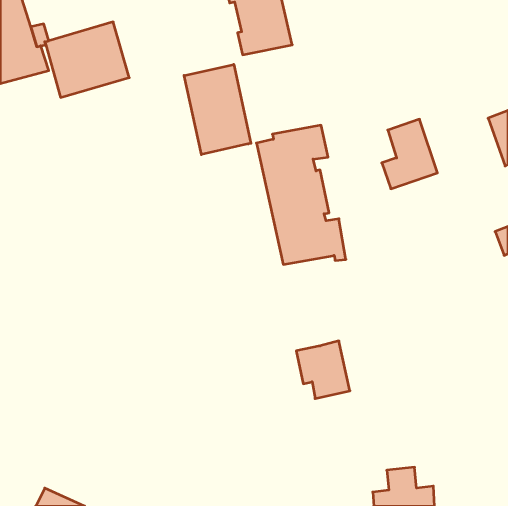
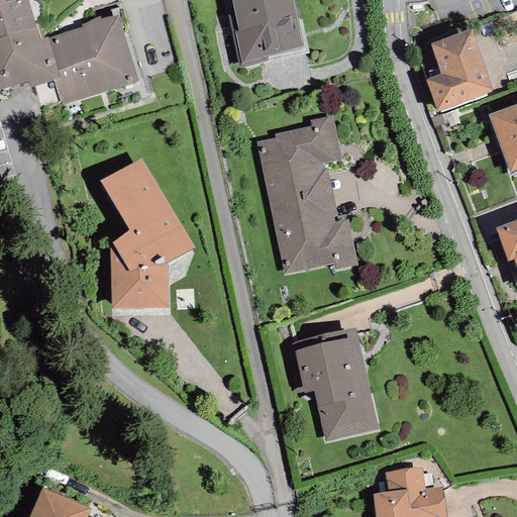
building: [184,64,251,155] -> none
building: [382,119,437,189] -> [431,39,488,110]
building: none -> [108,170,186,306]
building: none -> [320,335,369,435]

